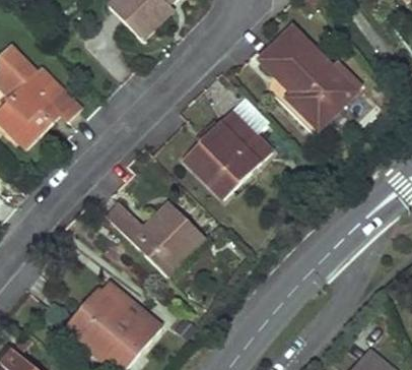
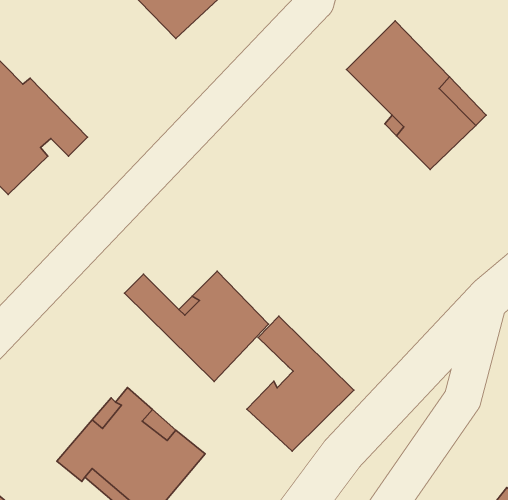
building: [183,111,272,200] -> none
building: none -> [247,316,354,451]

